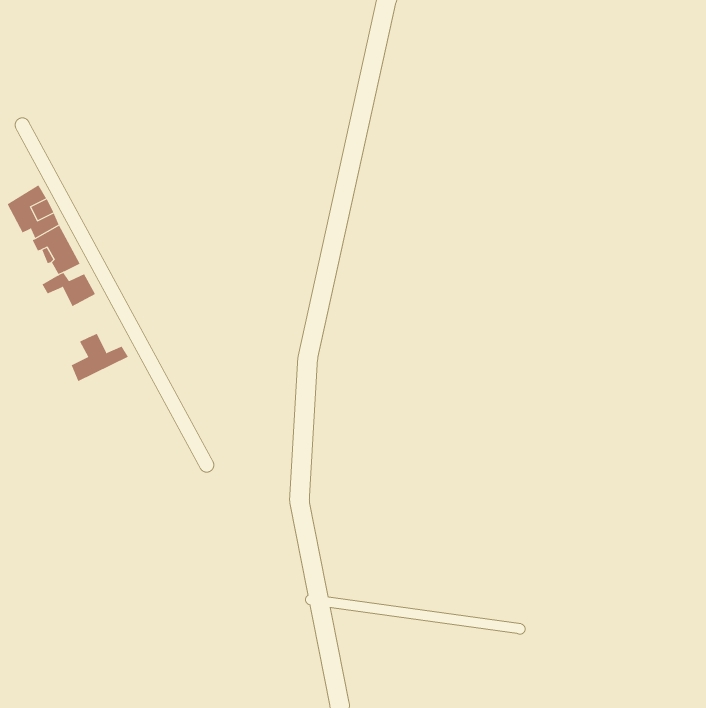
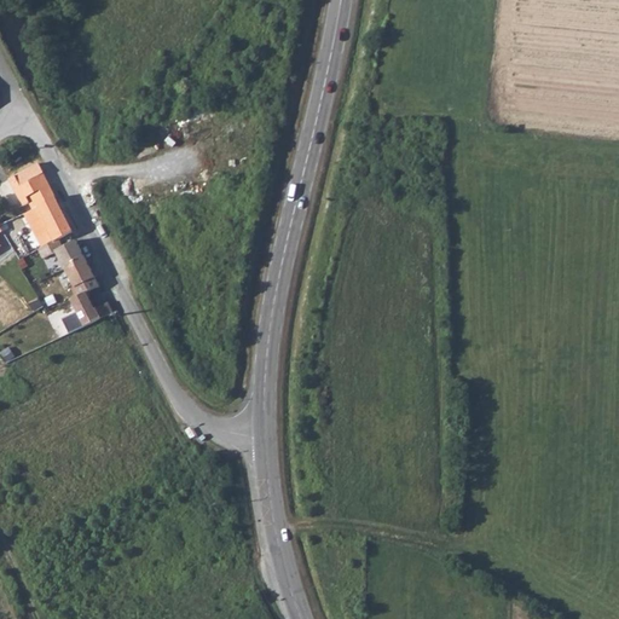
building: none -> [63,256,98,294]

